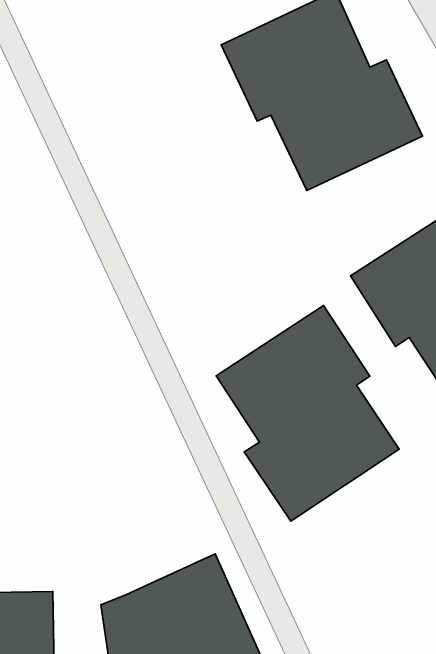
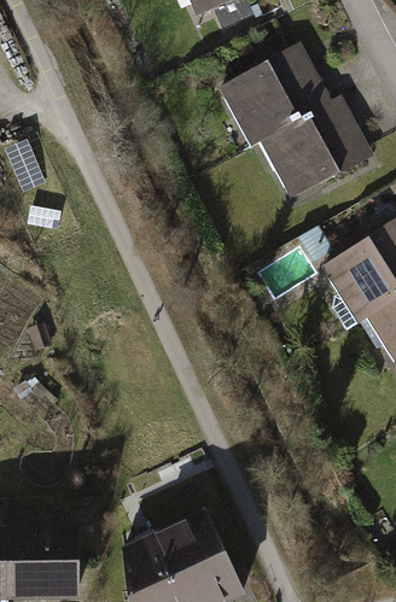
building: [216,305,399,521] -> none

